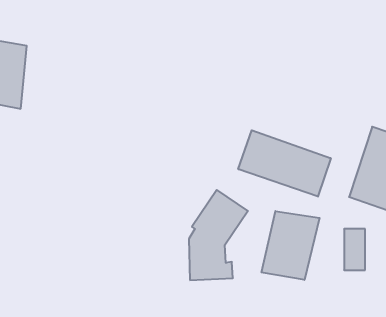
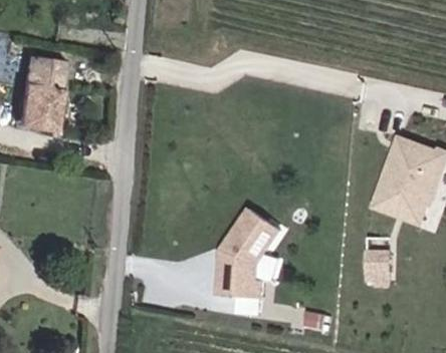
building: [238,130,331,197] -> none
building: [262,211,320,280] -> none

